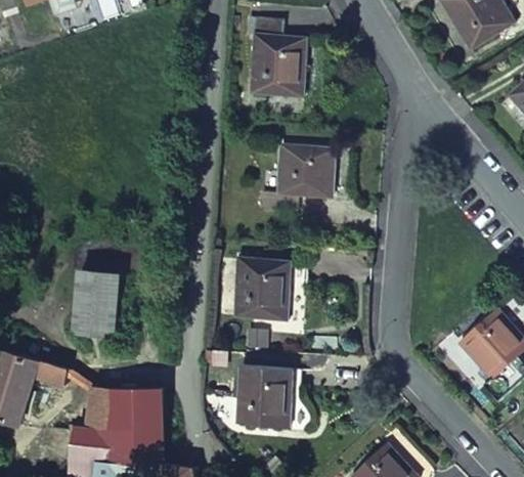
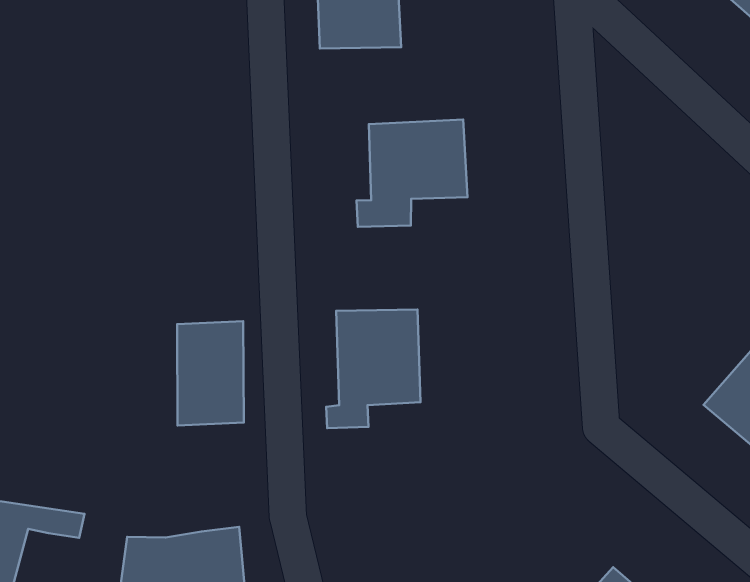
building: [75,269,123,335] -> [177,321,244,425]
building: [239,367,294,428] -> none

